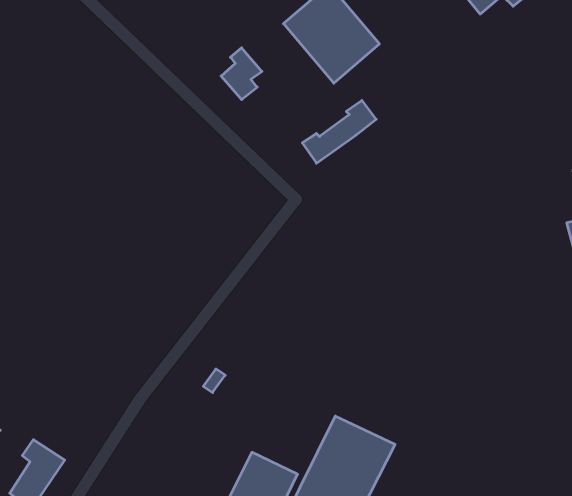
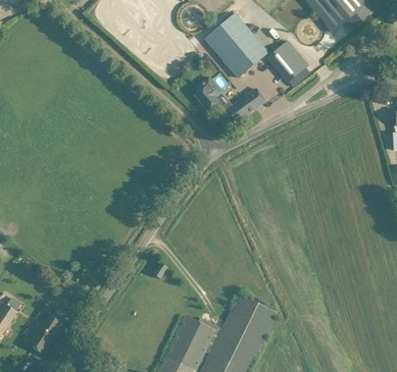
building: none -> [268,41,308,82]
building: [221,48,262,100] -> [195,76,221,110]

